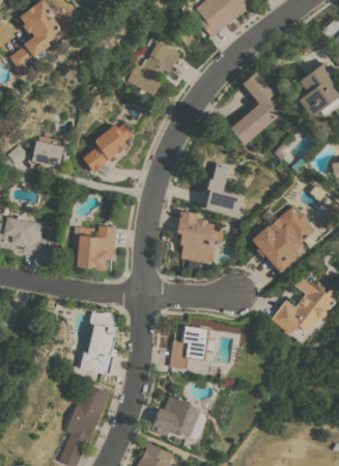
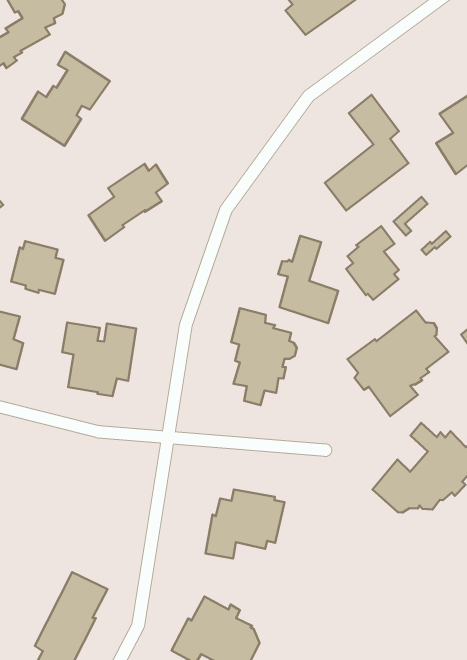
building: [125,37,179,97] -> [22,52,110,146]
building: [31,136,63,168] -> [11,241,64,294]
building: none -> [346,226,399,300]
building: [75,309,118,376] -> none

